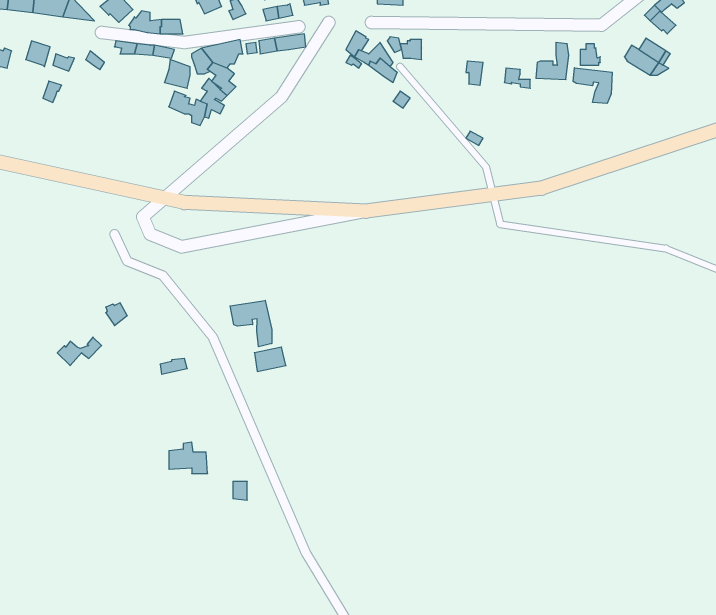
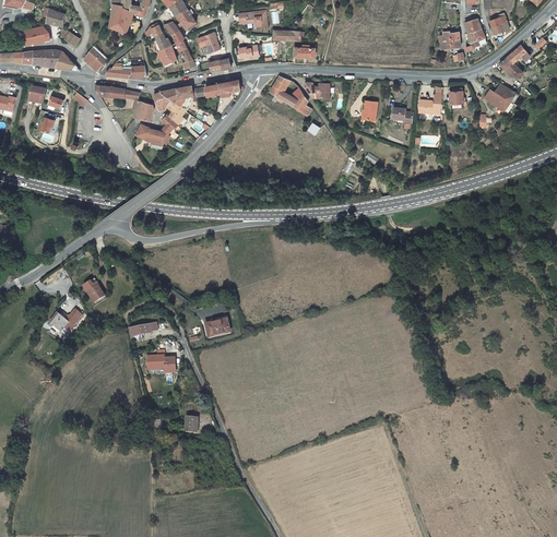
building: [573,68,612,103] -> none
building: [230,300,272,347] -> none
building: [169,442,208,474] -> [145,350,175,374]

